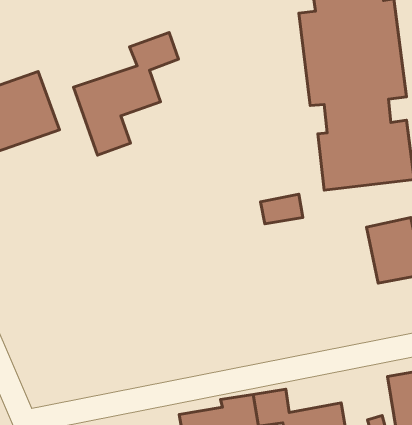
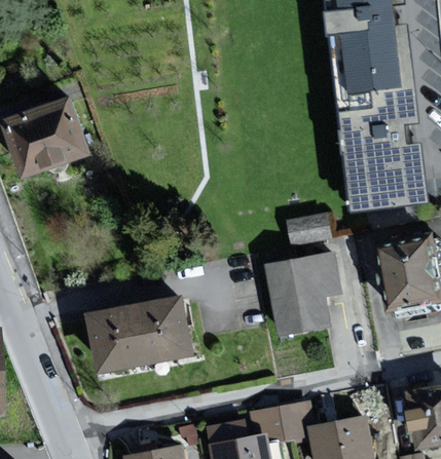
building: [74,33,178,155] -> none
building: none -> [267,255,334,333]
building: none -> [94,295,197,368]

